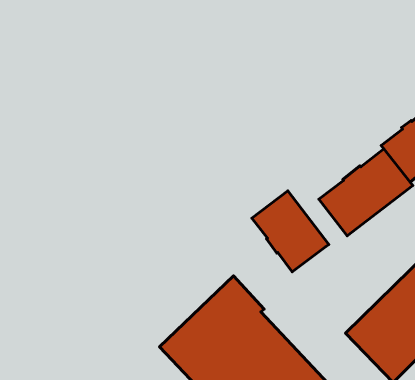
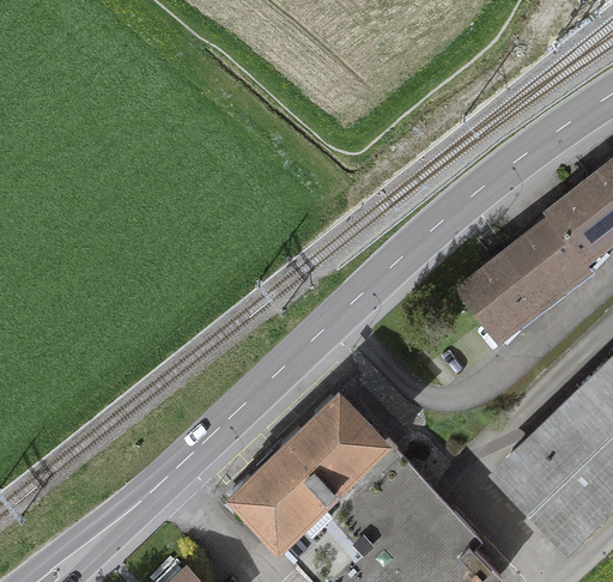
building: [252,191,329,272] -> none

